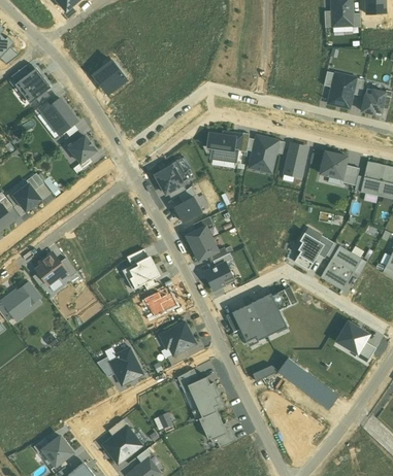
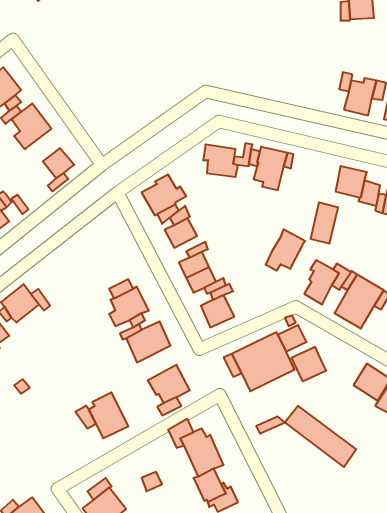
building: [92,59,127,94] -> none
building: [284,142,307,177] -> [310,203,338,244]
building: none -> [266,229,305,271]
building: none -> [292,347,326,381]

